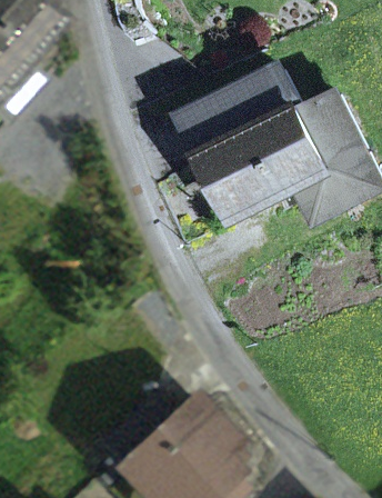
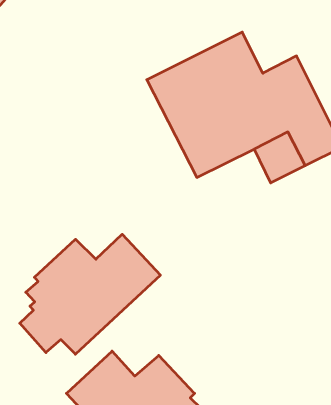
building: none -> [20,234,160,354]

